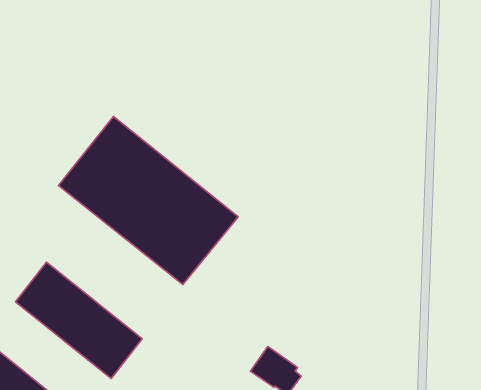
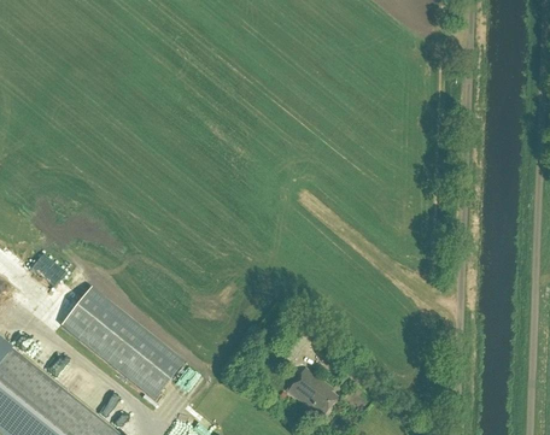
building: [58,116,238,284] -> none

